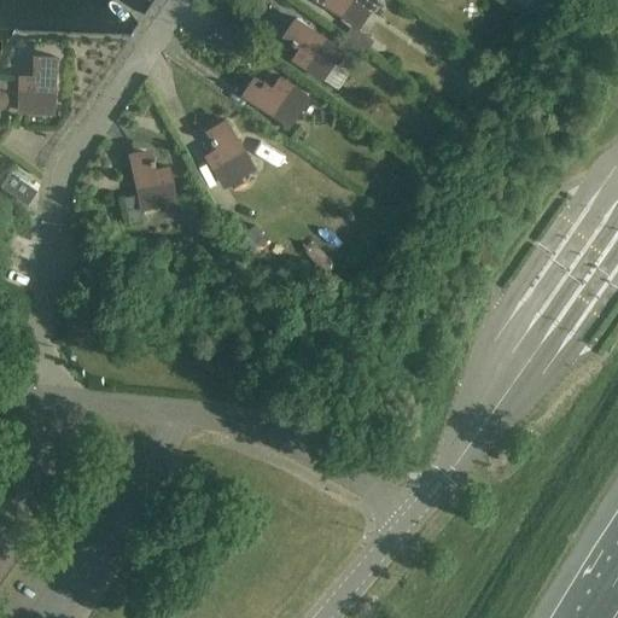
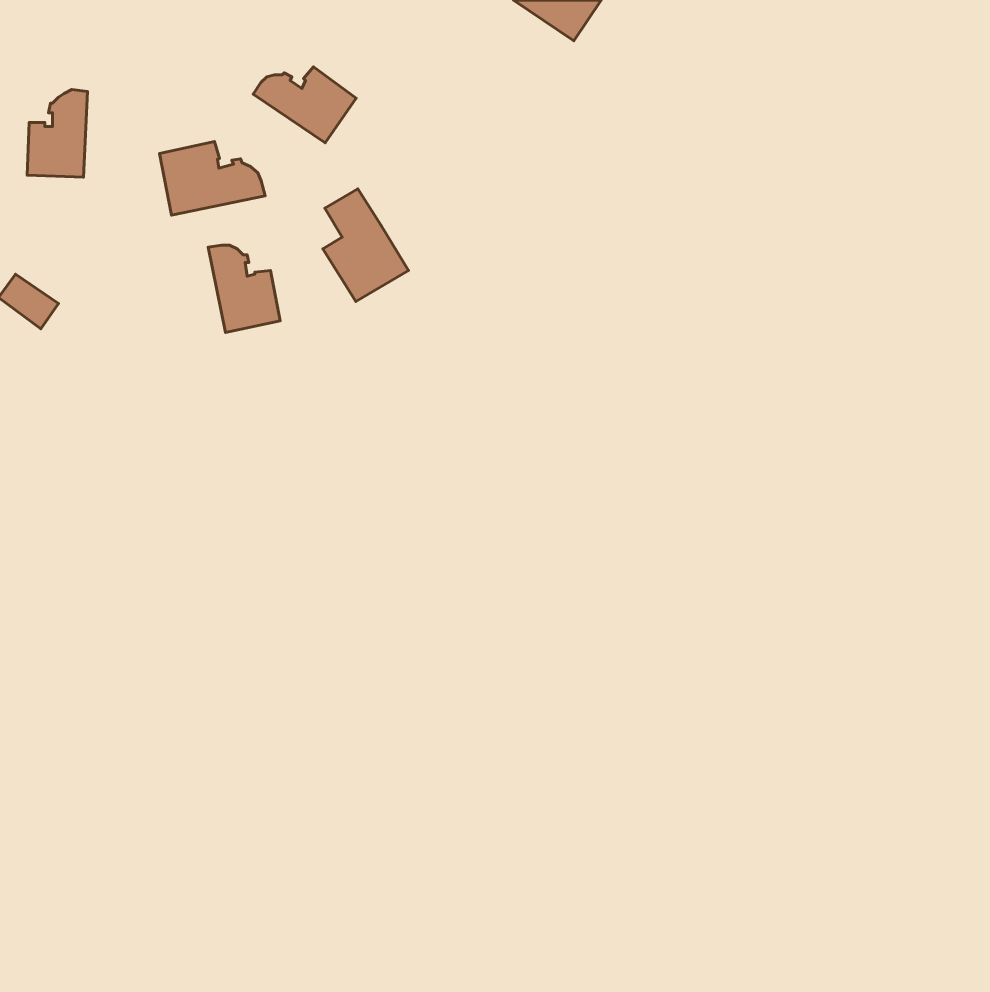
building: [288,19,340,78] -> none
building: [243,78,307,126] -> [253,67,356,143]
building: none -> [159,141,265,215]

